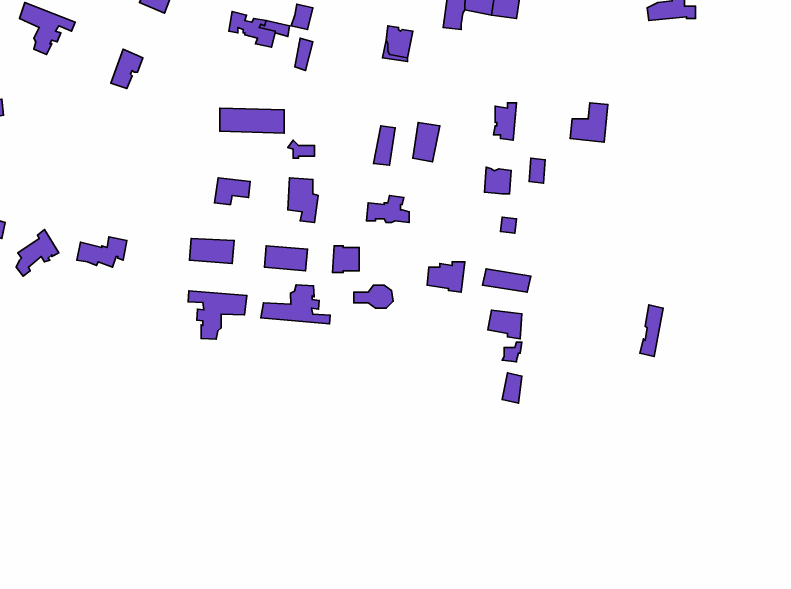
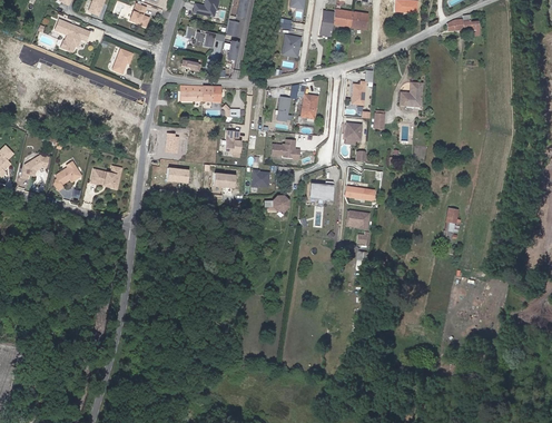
building: [261,285,330,324] -> none
building: [188,291,247,339] -> none

